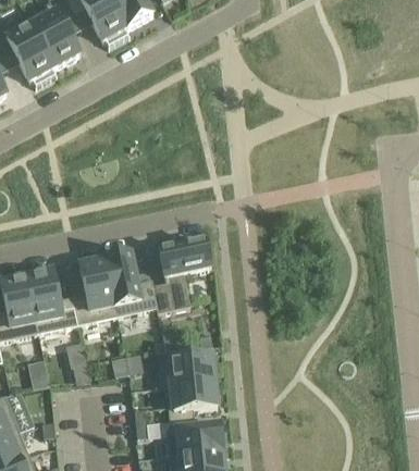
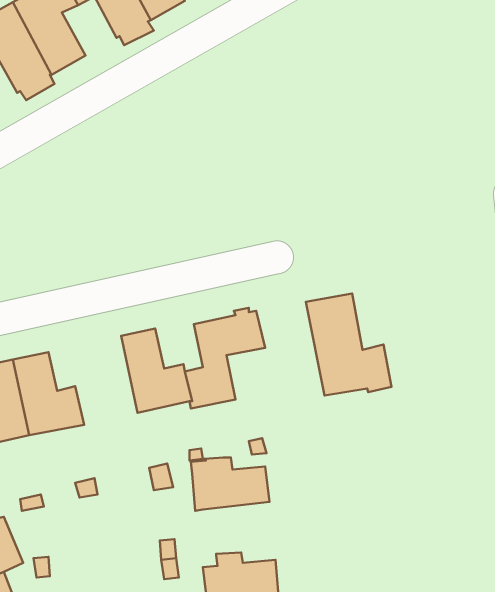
building: none -> [306,294,391,396]
building: [72,259,118,324] -> none
building: [165,381,217,421] -> none

